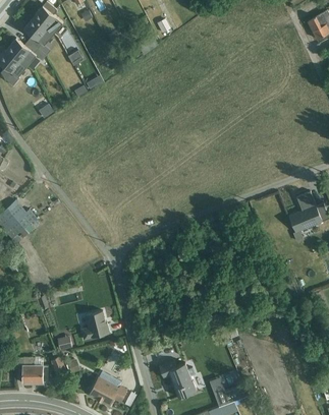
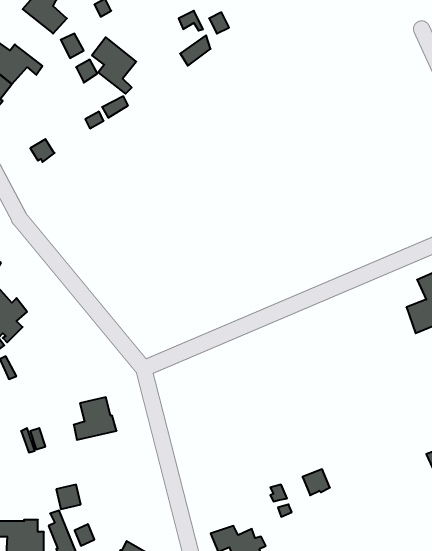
building: [23,17,53,55] -> [92,37,136,94]
building: [80,311,109,340] -> [74,397,117,440]

